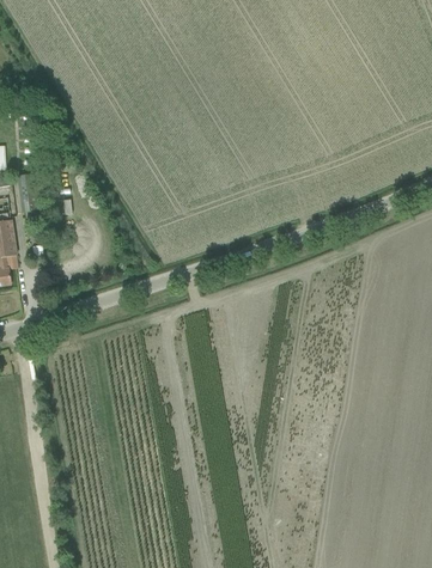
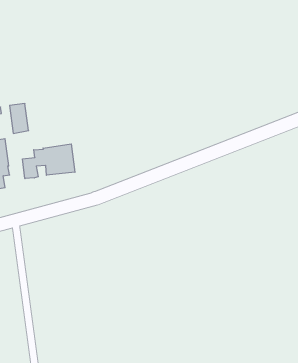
building: none -> [23,144,75,179]

